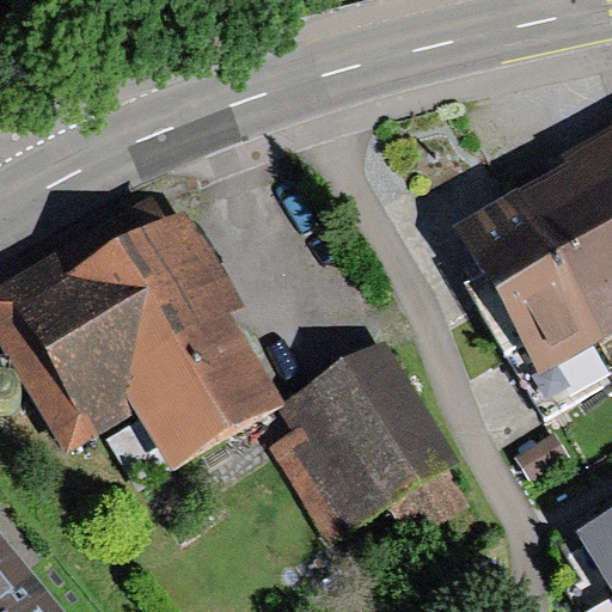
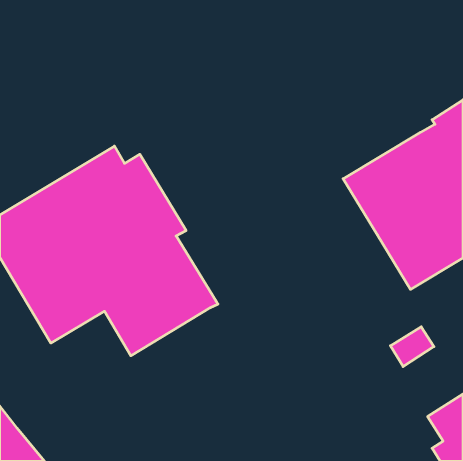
building: [269,336,465,543] -> none

